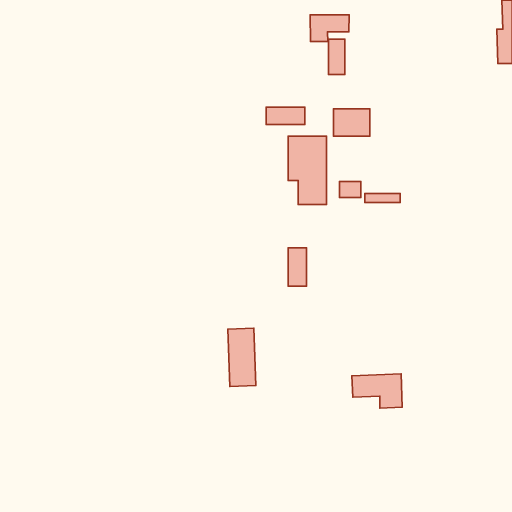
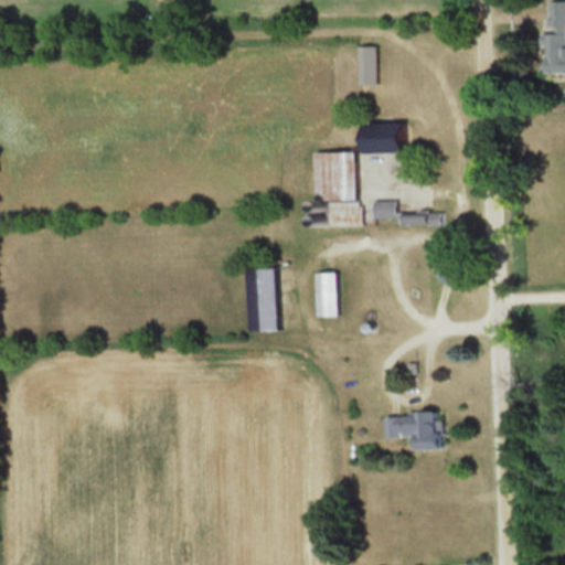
building: [310,15,349,42] -> none
building: [266,107,305,125] -> none
building: [228,328,256,386] -> [248,268,279,332]

